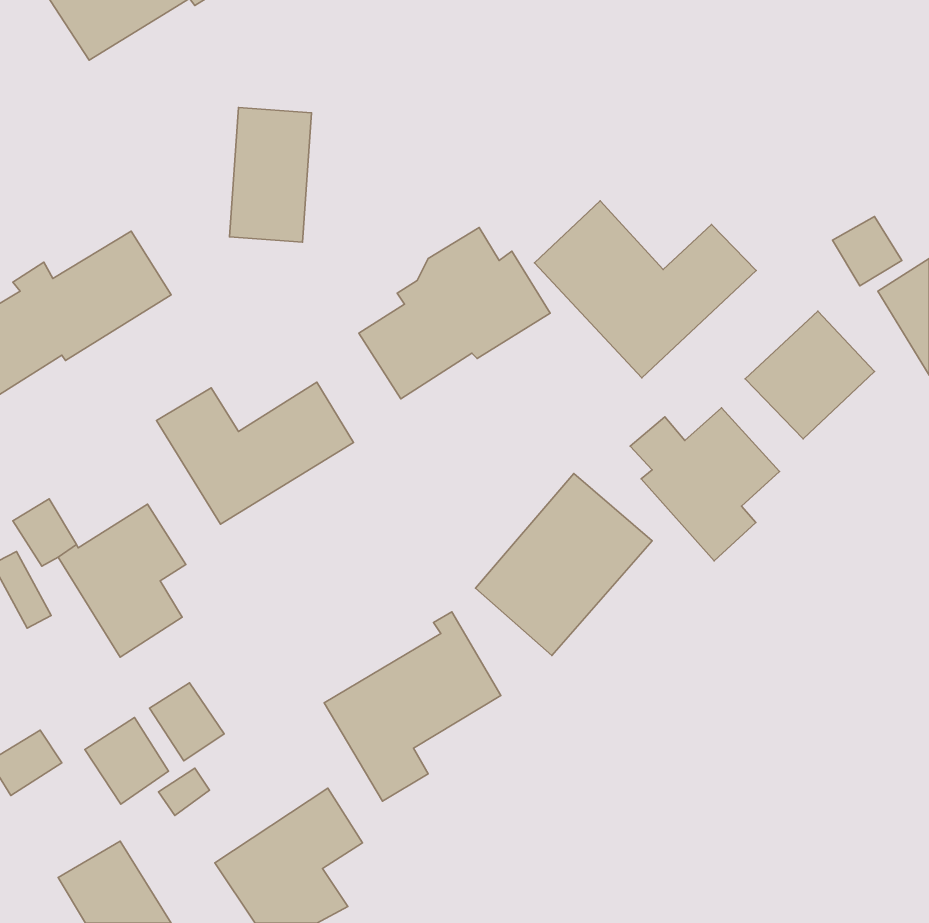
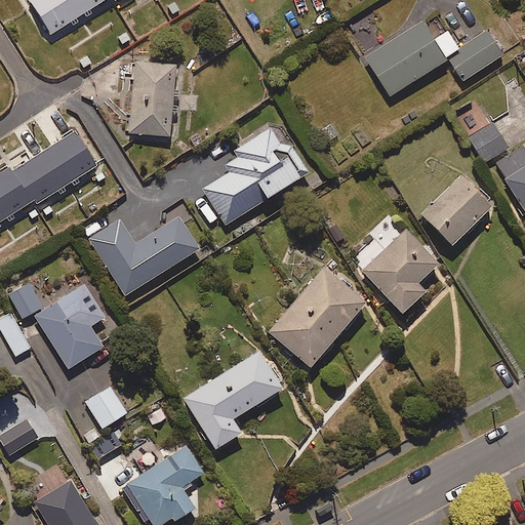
building: none -> [364,22,502,96]
building: [535,201,756,378] -> none
building: [85,718,168,804] -> none

